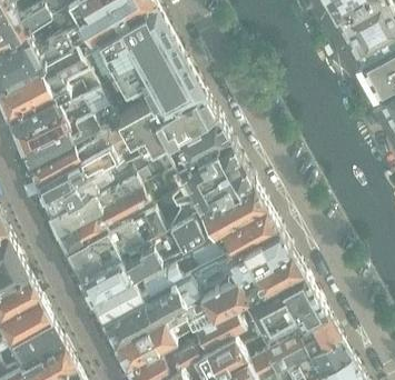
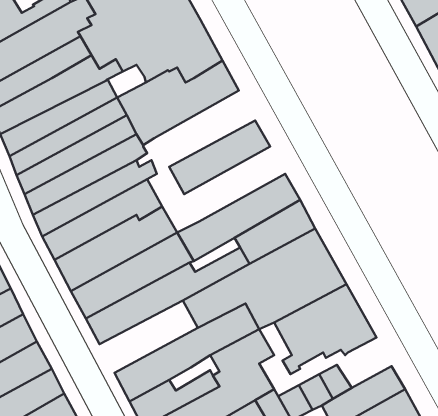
building: [139,107,224,174] -> none
building: [166,152,248,213] -> none
building: [97,278,177,337] -> none
building: [290,308,335,349] -> none

